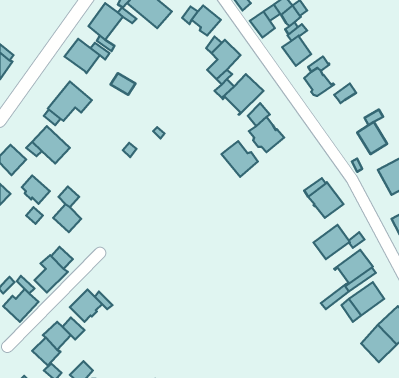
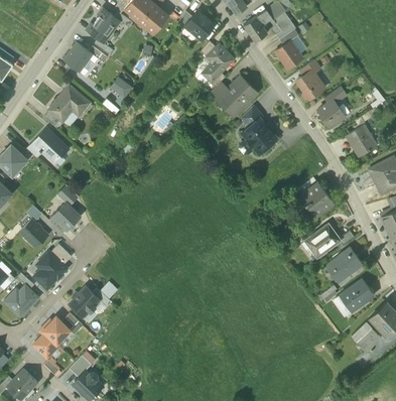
building: none -> [317,102,344,127]
building: [221,141,258,177] -> none
building: [22,176,50,204] -> [20,220,47,247]

